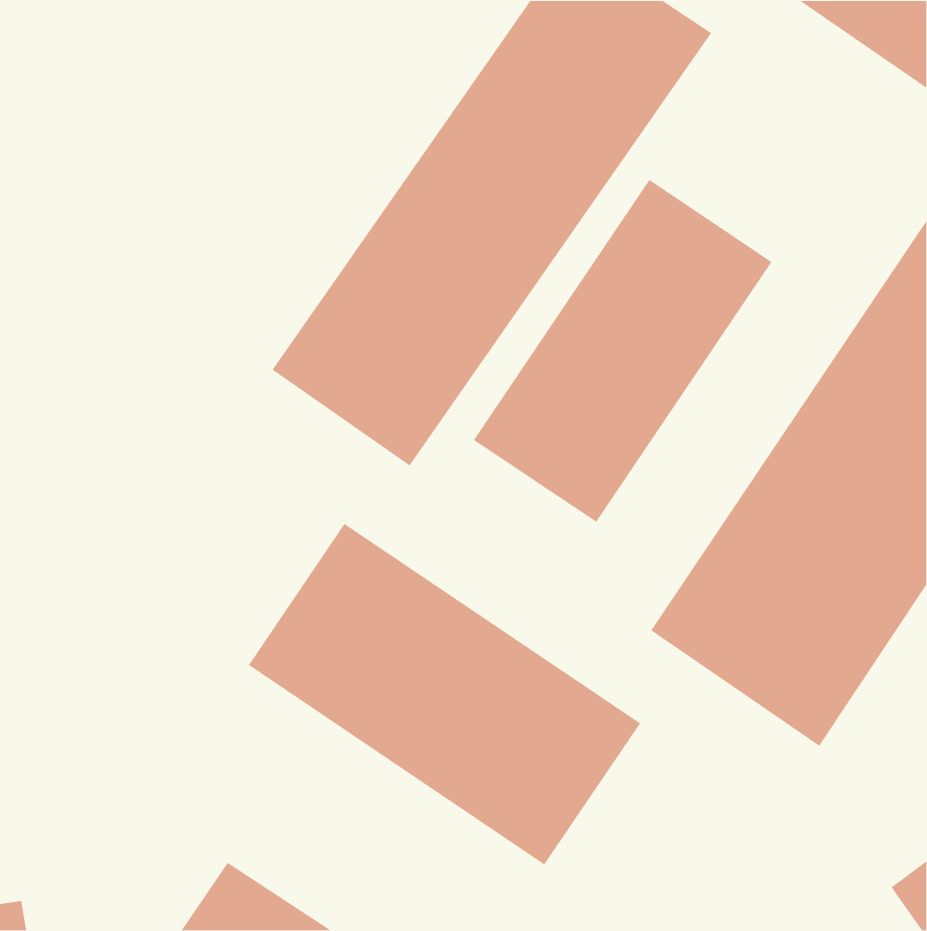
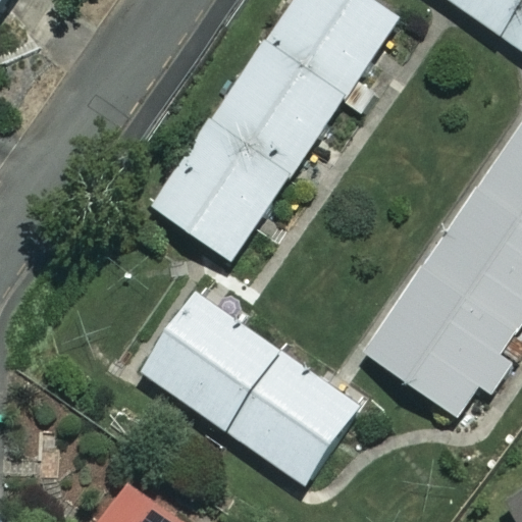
building: [473,179,773,523] -> none

